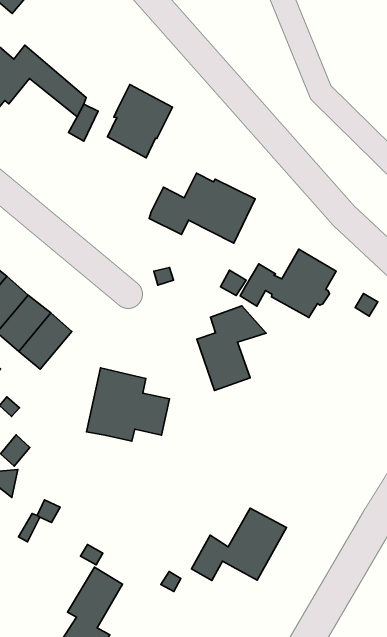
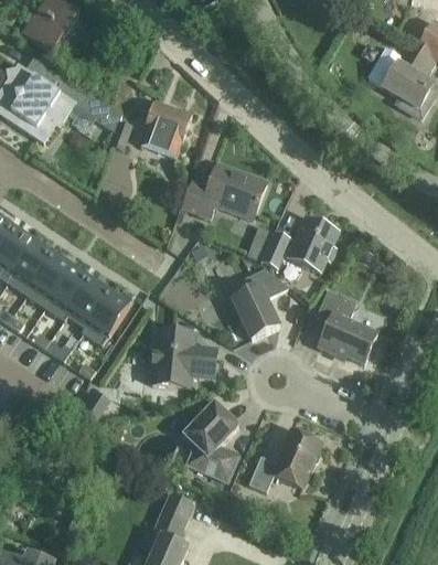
building: none -> [316,290,376,363]
building: none -> [183,403,238,481]

